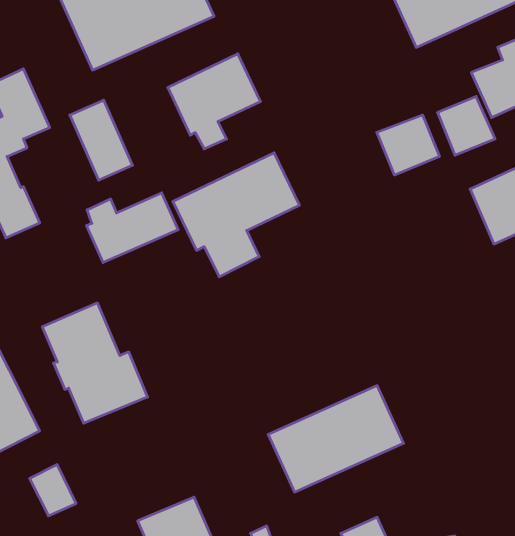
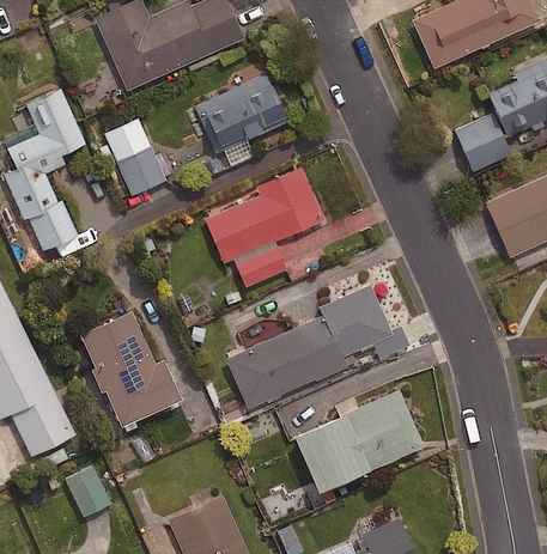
building: [377,115,439,175] -> none
building: [87,193,178,263] -> none
building: none -> [226,286,407,409]

